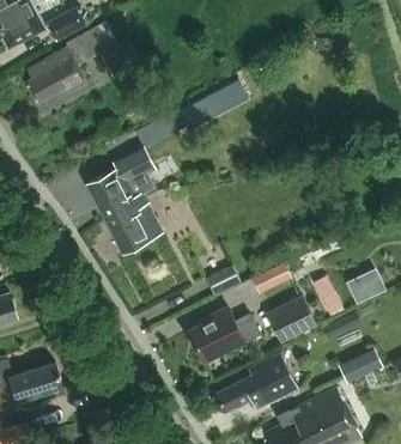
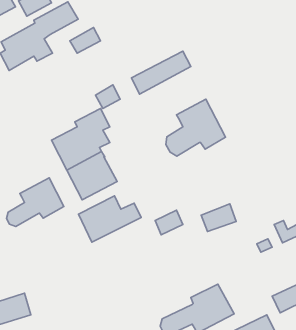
building: none -> [166,99,226,156]
building: none -> [7,178,64,227]
building: [267,294,317,342] -> none
building: [188,310,261,364] -> [79,196,141,242]

